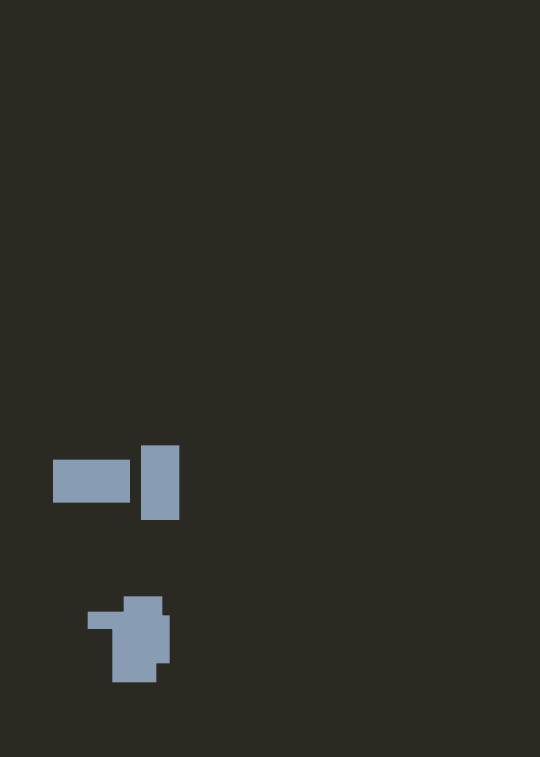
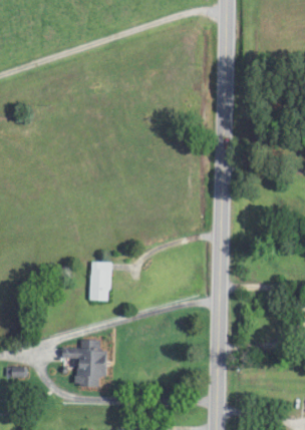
building: [52,459,131,503] -> none

